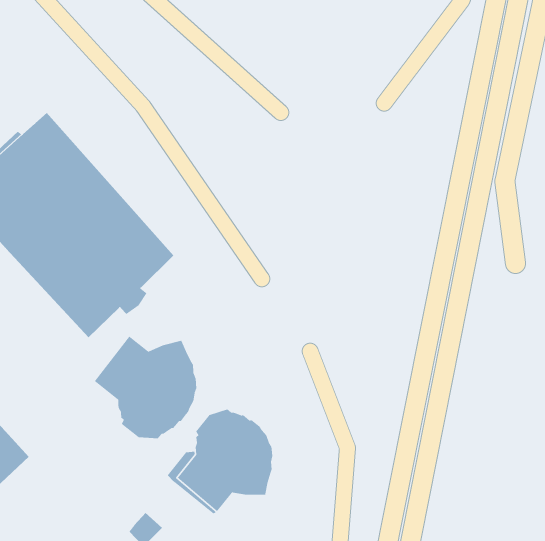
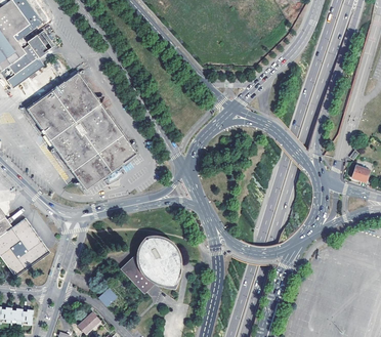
building: [94,335,197,439] -> none

